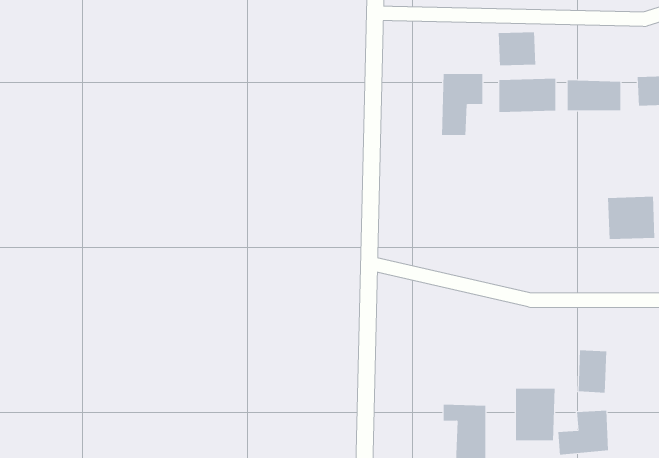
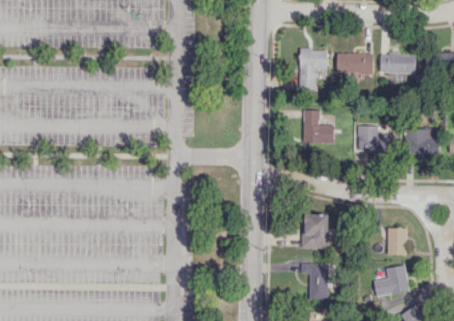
building: [498,32,536,66] -> none
building: none -> [302,110,334,144]
building: none -> [357,125,395,153]
building: [515,388,555,441] -> [302,214,328,248]

